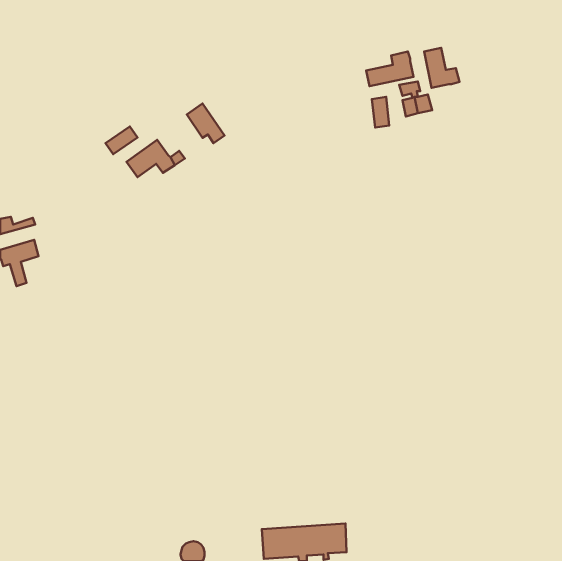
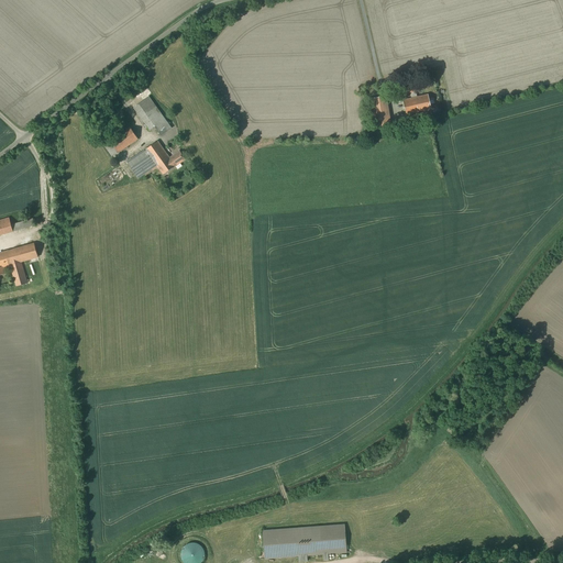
building: [424,48,459,88] -> none
building: [366,52,413,86] -> none
building: [187,104,224,143] -> [134,96,172,135]

